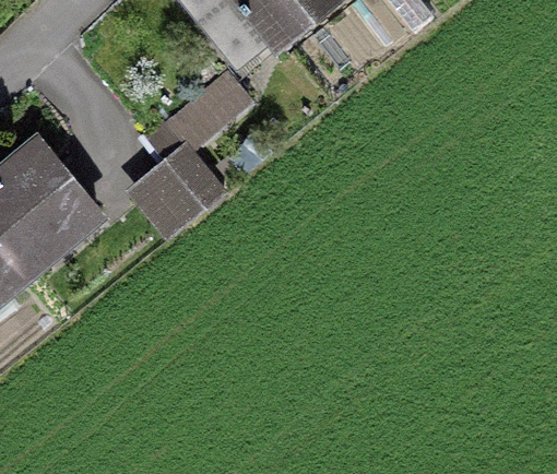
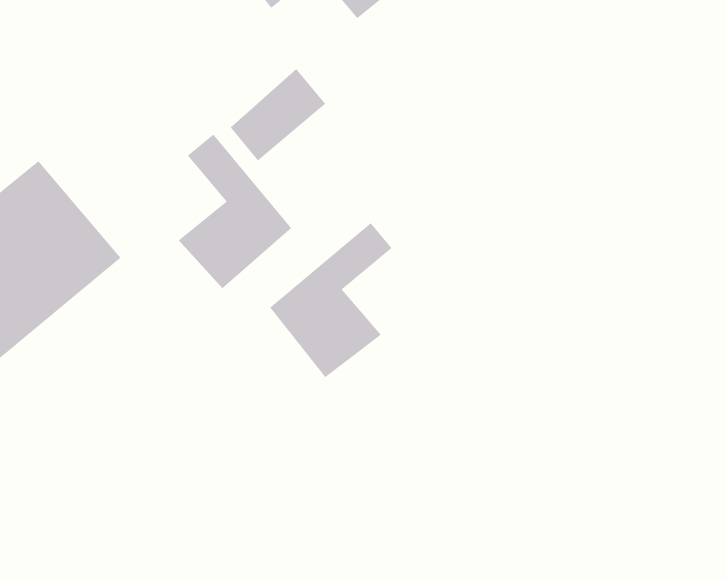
building: none -> [269,222,393,378]

